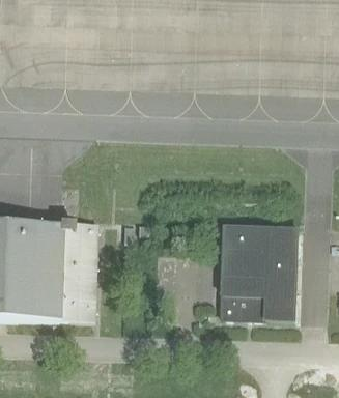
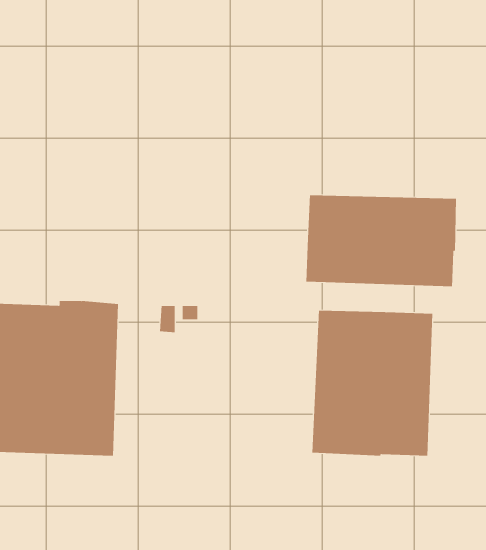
building: none -> [306,194,457,287]

